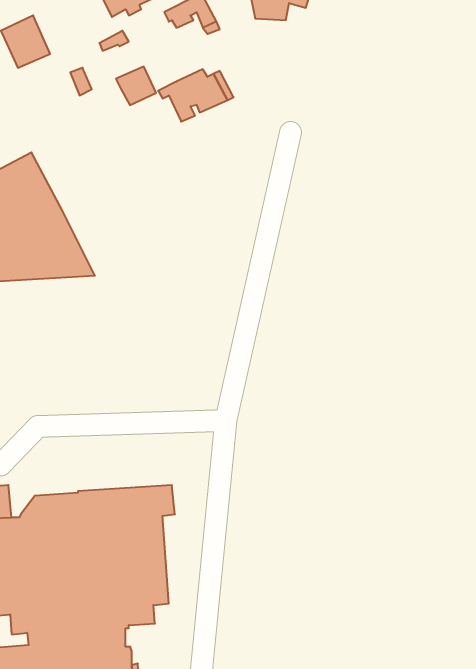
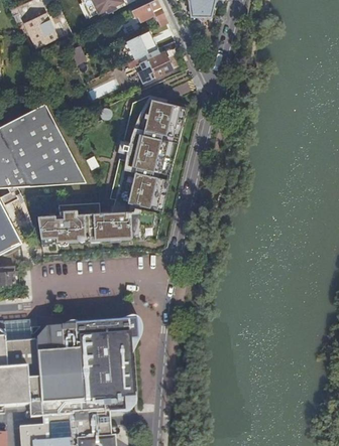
building: [116,67,156,105] -> [130,30,156,55]
building: none -> [37,100,182,245]

